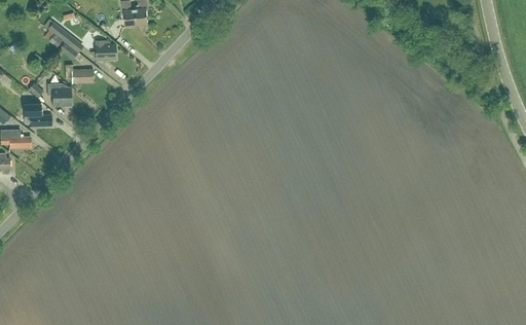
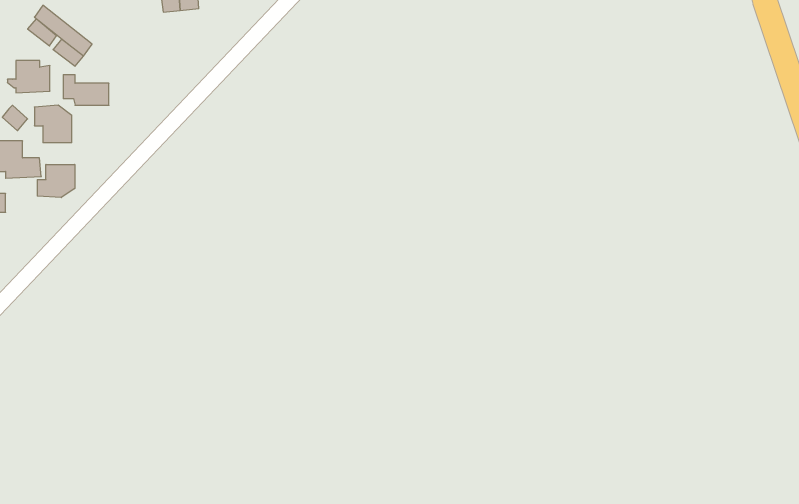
building: [89,40,115,60] -> [7,61,50,93]
building: none -> [37,164,75,198]

